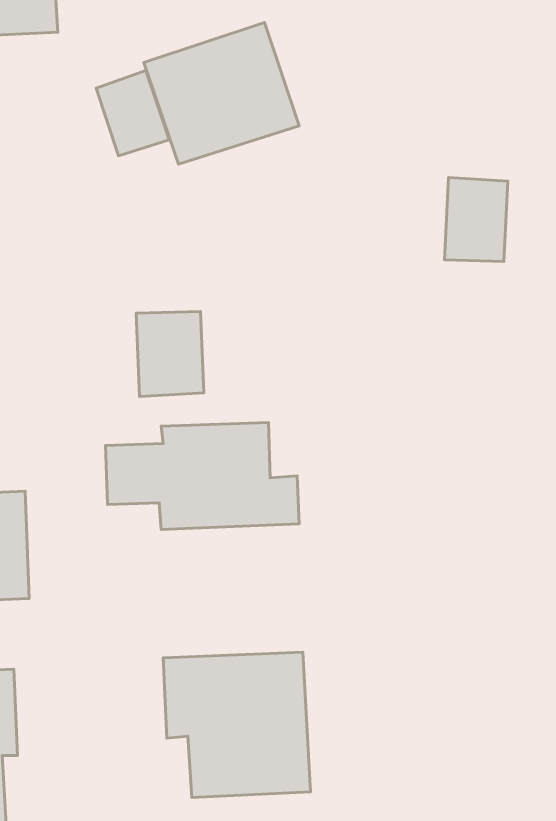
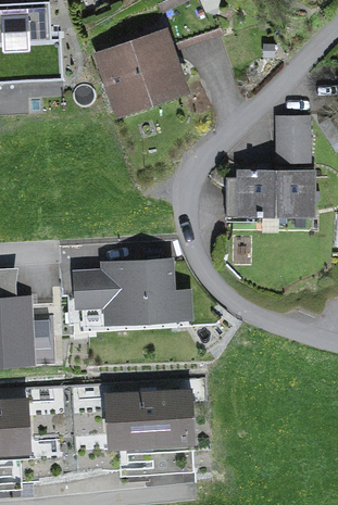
building: [96,71,169,156] -> none
building: none -> [221,179,300,219]
building: [136,312,204,397] -> none

